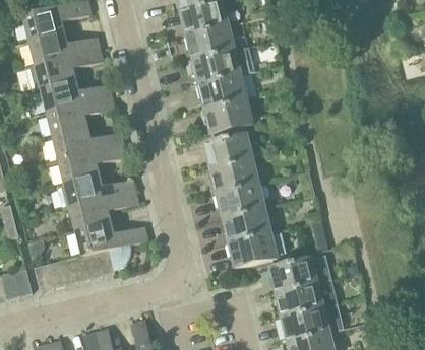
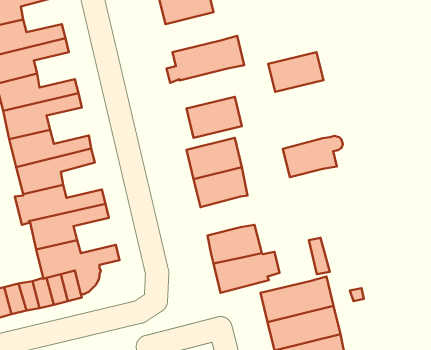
building: [187,25,235,60] -> none
building: [199,74,247,109] -> [268,52,324,92]
building: [218,183,269,218] -> [283,136,343,177]

